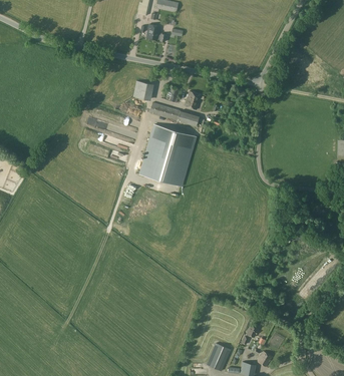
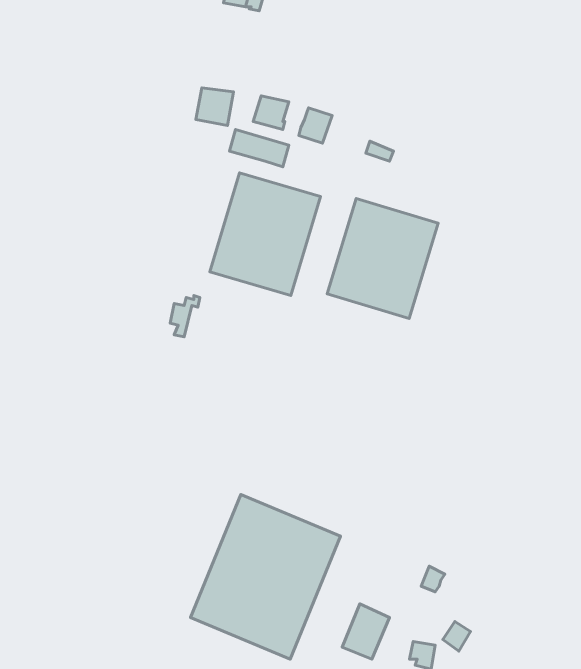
building: none -> [327,199,438,318]
building: none -> [190,495,340,659]

